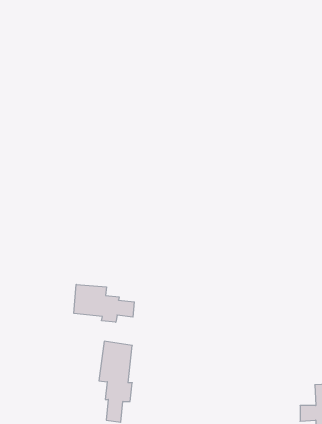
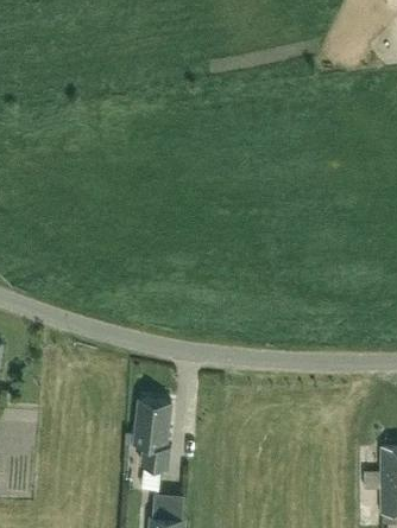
building: [74,284,134,322] -> none

